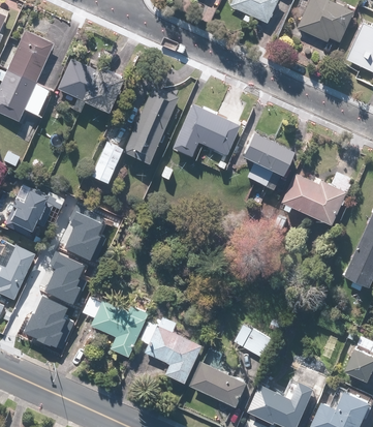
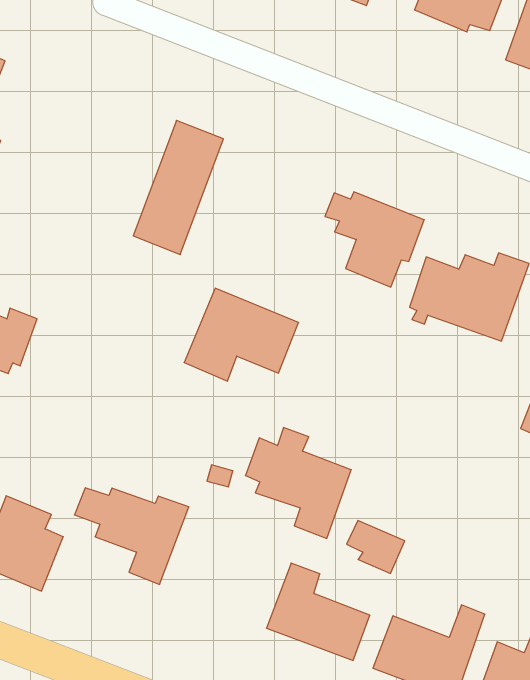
building: [55,59,125,113] -> none
building: [170,104,239,159] -> [184,288,299,381]
building: [90,141,123,183] -> none
building: [60,211,103,265] -> none
building: [42,252,85,306] -> none
building: [137,315,199,382] -> [245,428,351,538]

